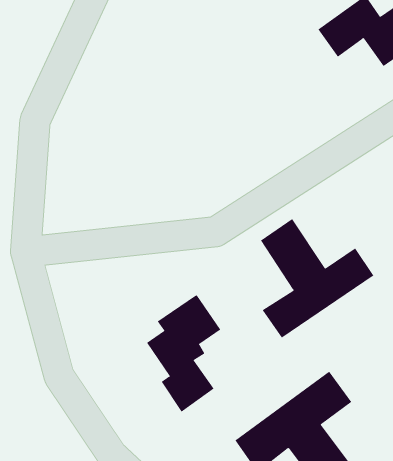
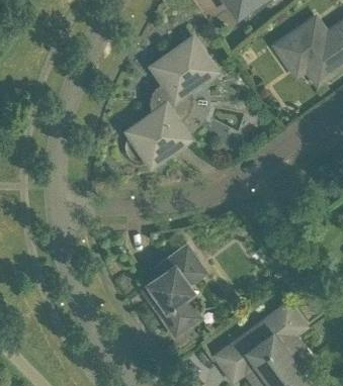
building: none -> [126,38,213,164]
building: [260,218,374,339] -> none

